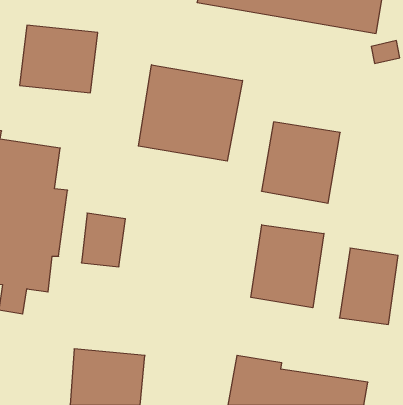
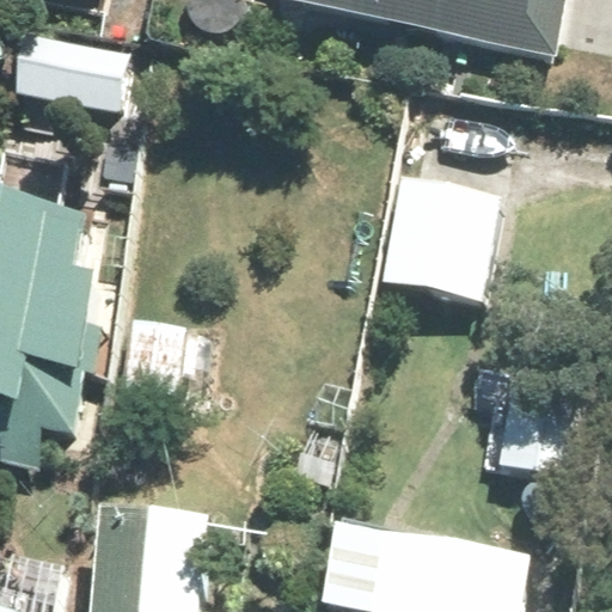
building: [138,65,242,161] -> none
building: [251,225,324,308] -> none

